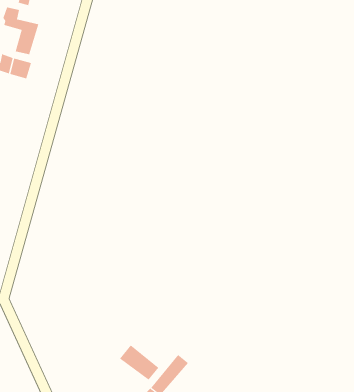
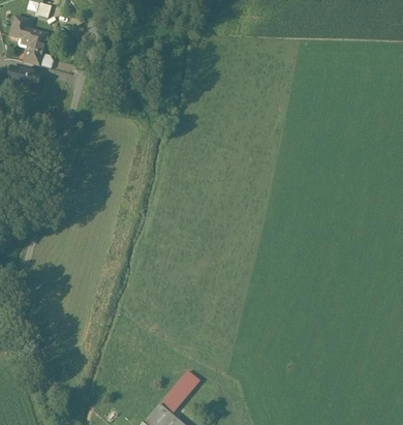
building: [119,344,159,381] -> none

